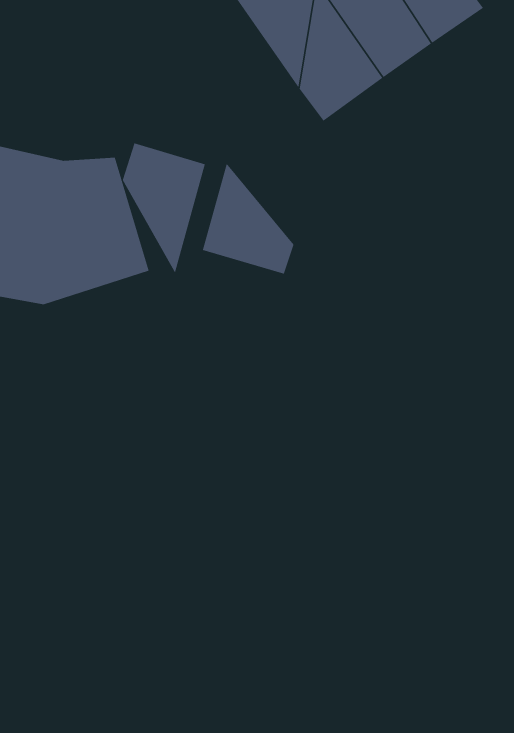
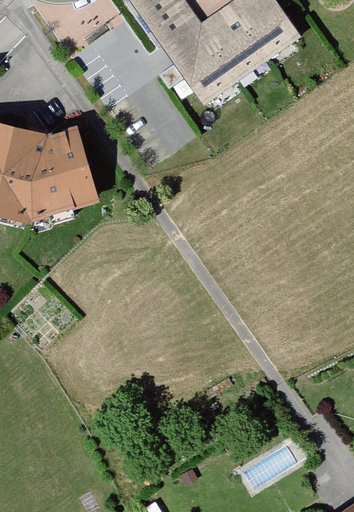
building: [122,142,206,274] -> none
building: [202,163,294,275] -> none

